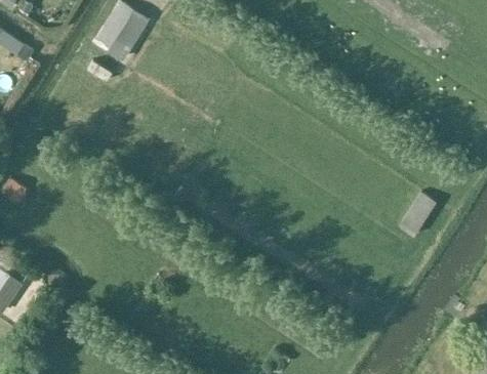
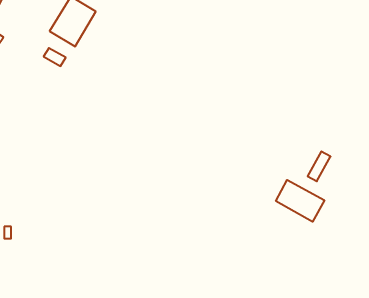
building: none -> [276,180,324,222]

